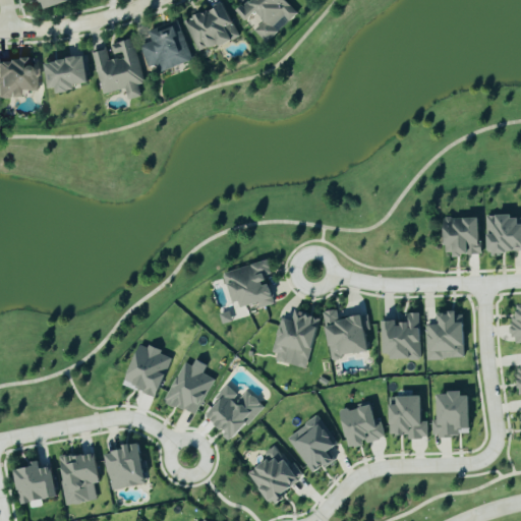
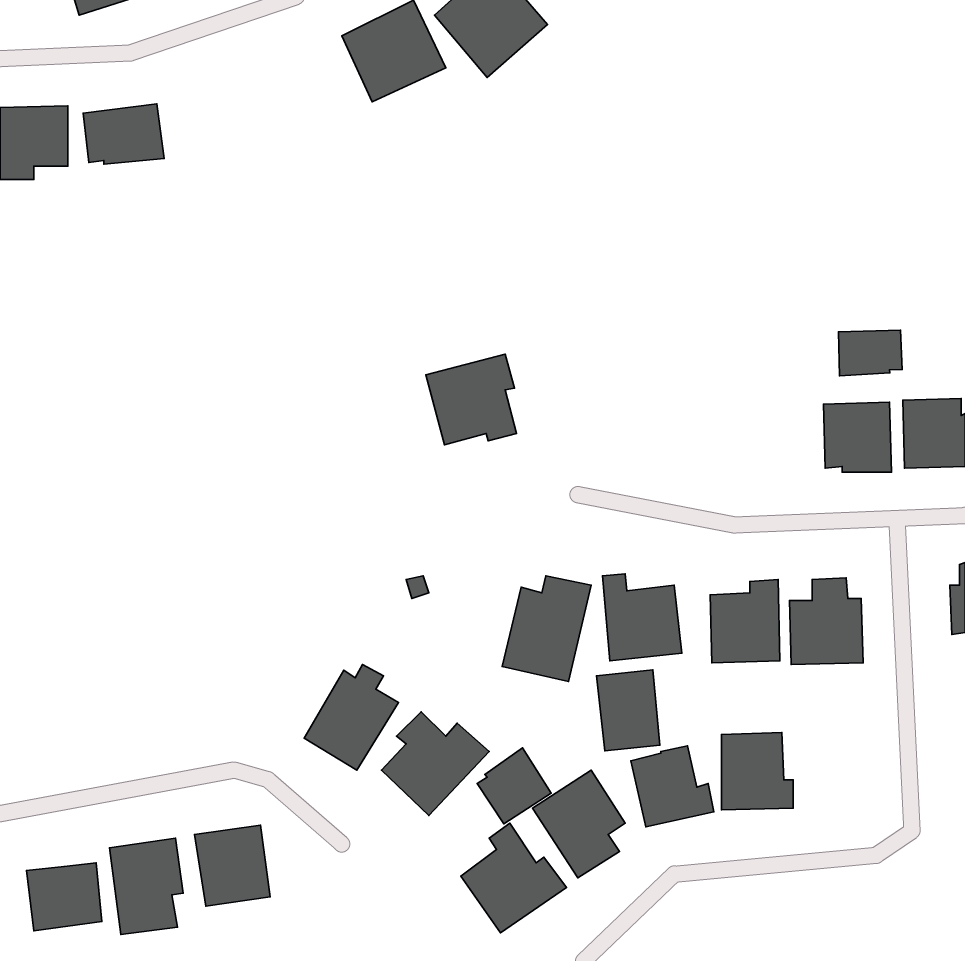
building: [139,21,192,71] -> none
building: [91,38,143,98] -> none
building: none -> [839,330,902,376]
building: [226,259,275,308] -> [426,354,516,445]
building: [124,343,171,397] -> none
building: none -> [596,670,660,751]
building: [431,392,470,436] -> none
building: none -> [477,748,551,824]

